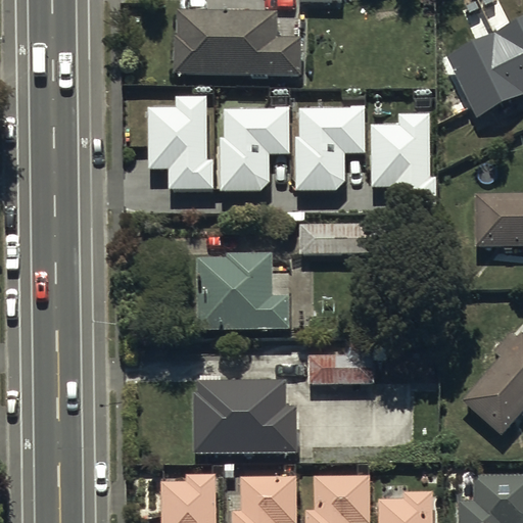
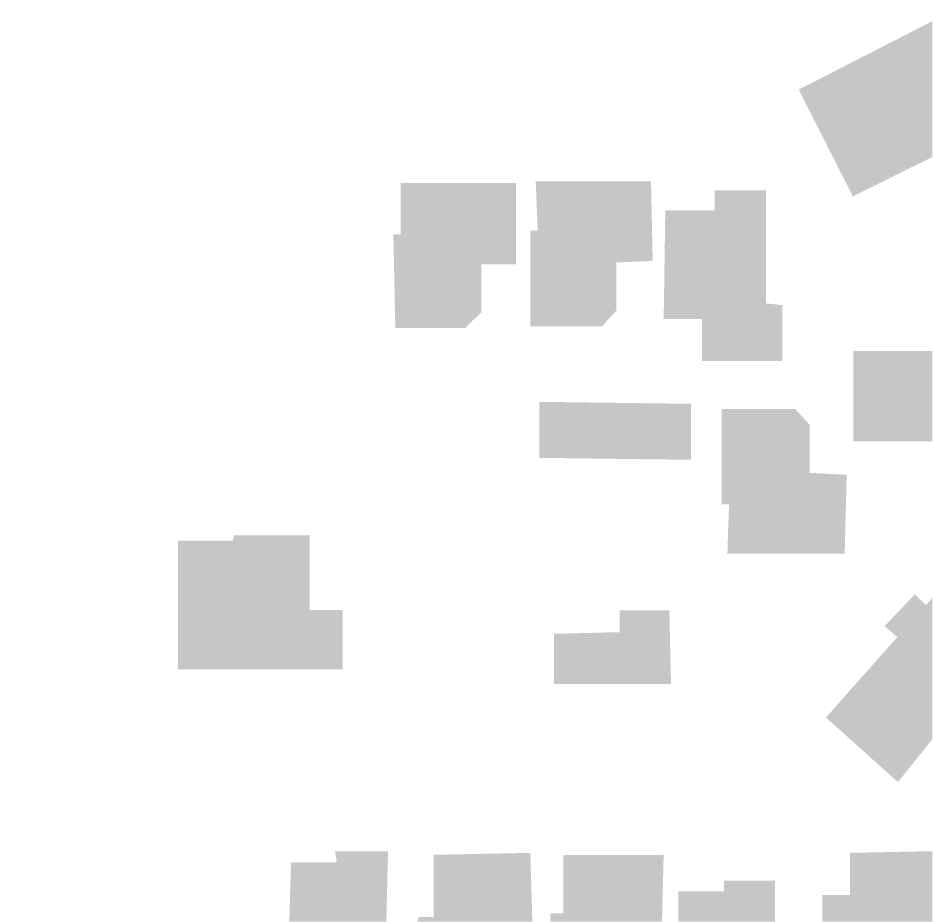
building: [176,12,302,78] -> none
building: [147,90,213,186] -> none
building: none -> [721,408,847,555]
building: [198,257,291,333] -> [177,535,343,670]
building: [194,382,300,456] -> none

